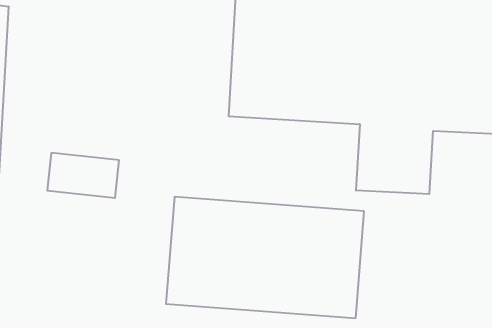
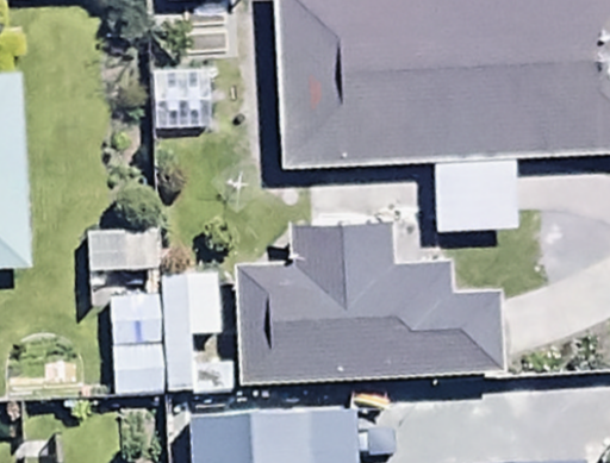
building: none -> [111,274,218,409]

